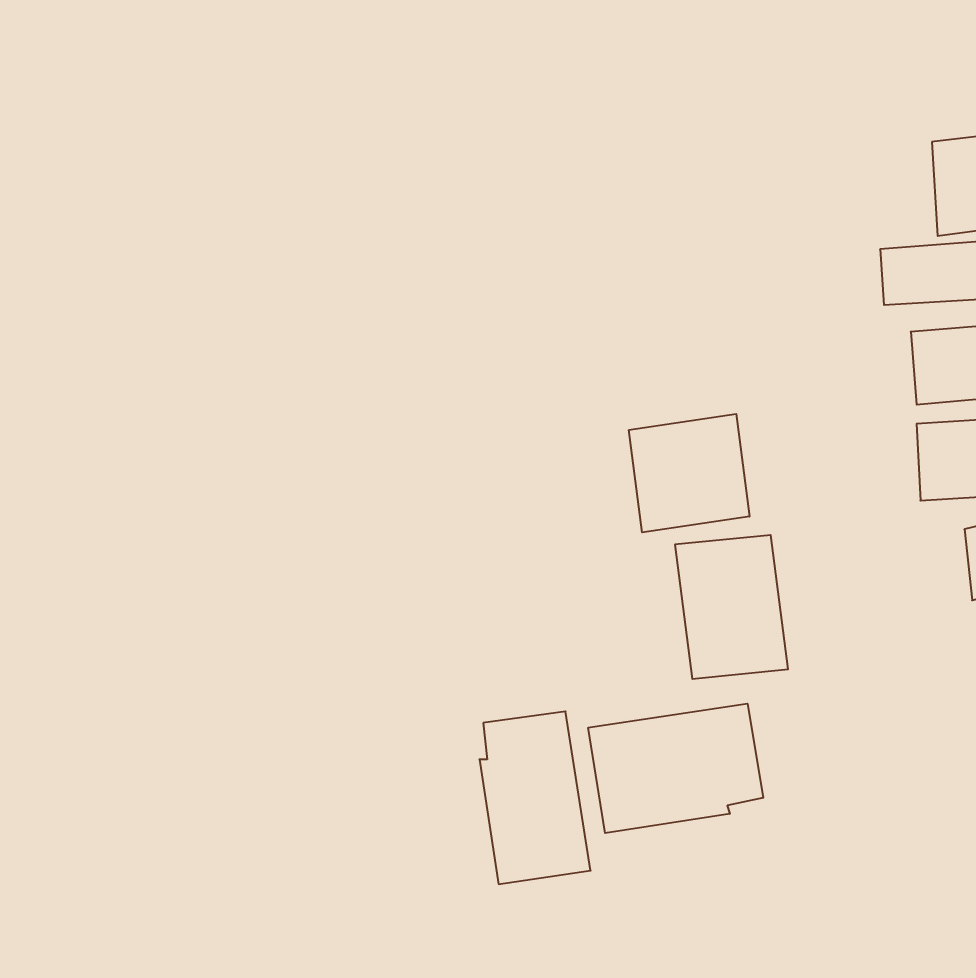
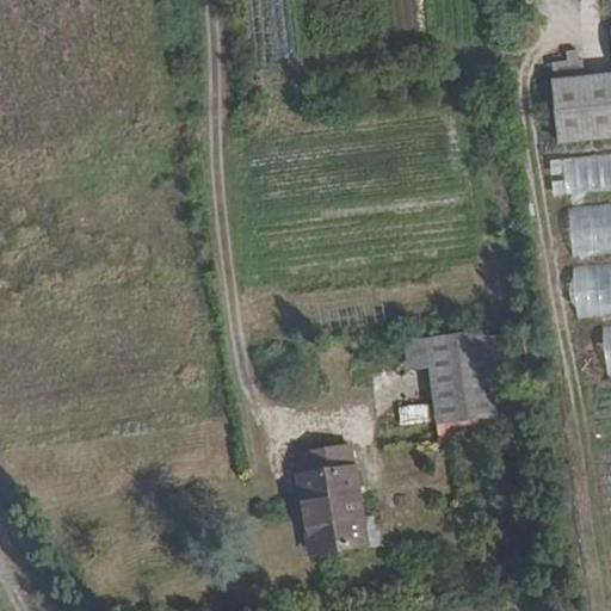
building: none -> [550,72,586,150]
building: [629,414,749,532] -> none
building: [588,704,763,833] -> none

